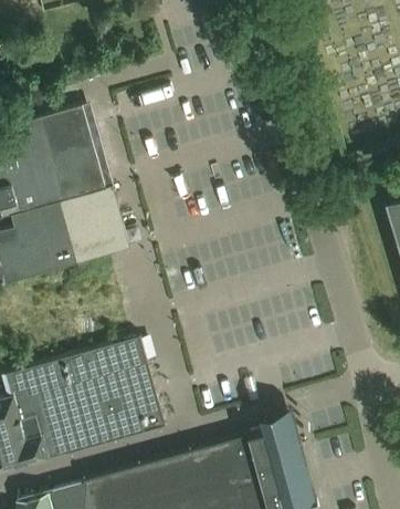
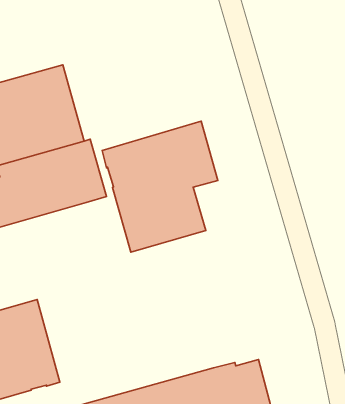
building: none -> [102,121,218,252]
building: [54,336,164,450] -> none

